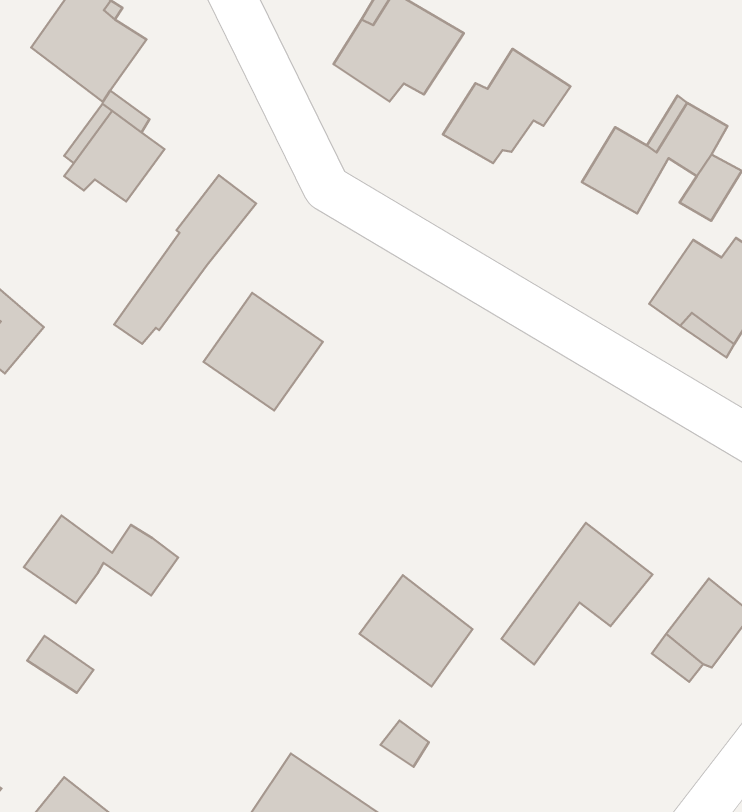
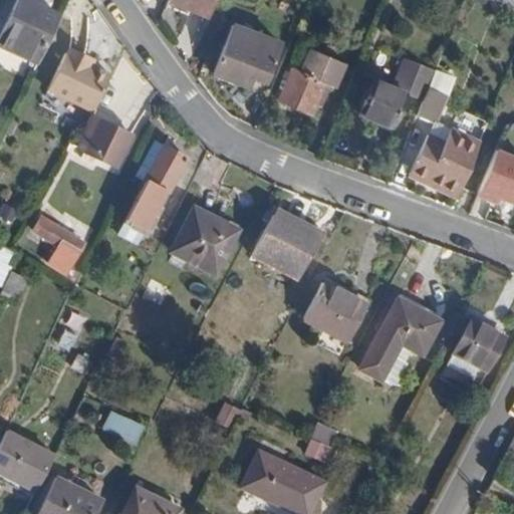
building: none -> [255,209,319,272]
building: [24,516,178,603] -> none
building: [360,575,472,687] -> [307,276,368,334]

